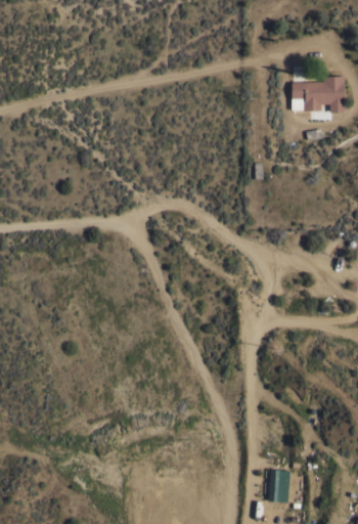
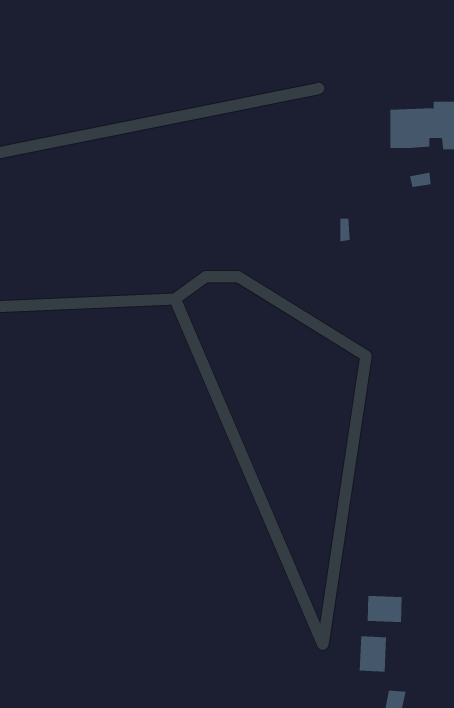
building: none -> [367,595,402,623]

